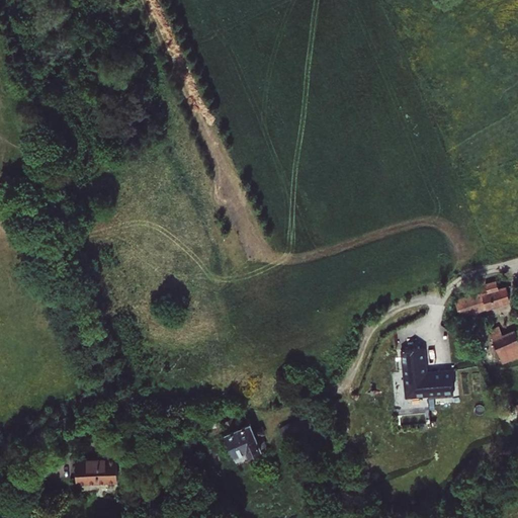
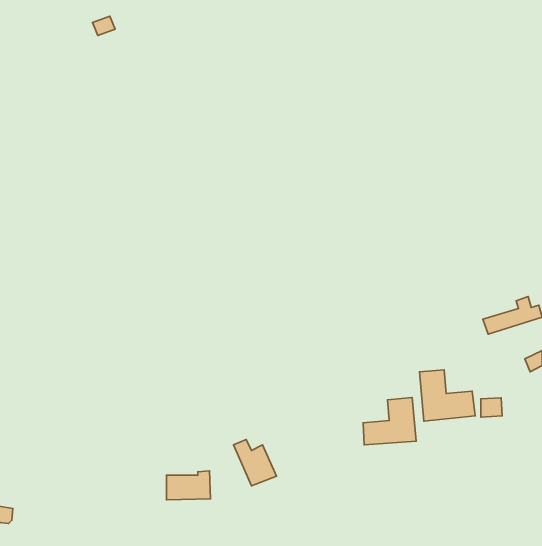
building: none -> [363,398,416,445]
building: [77,456,118,484] -> [167,471,211,500]

